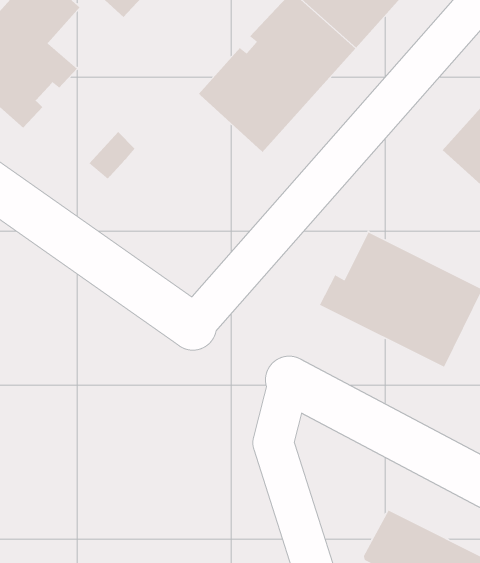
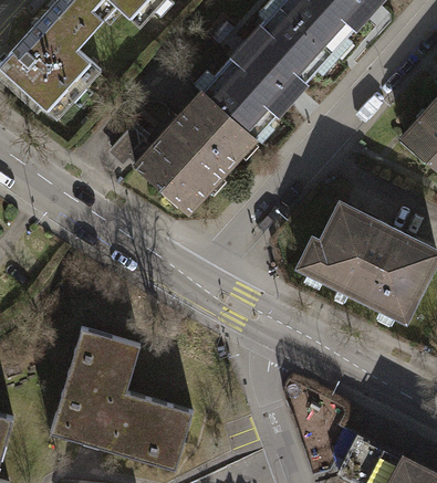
building: none -> [136,92,253,208]
building: none -> [50,326,193,470]

